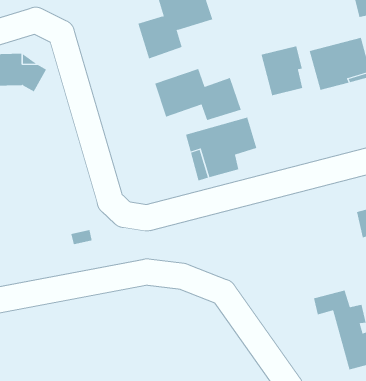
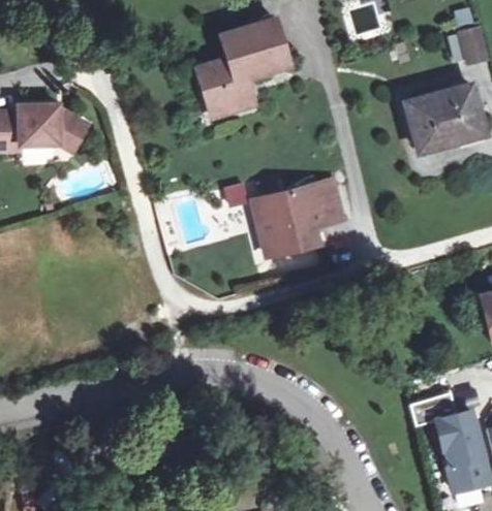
building: [261,45,303,96] -> none
building: [155,68,242,121] -> none

